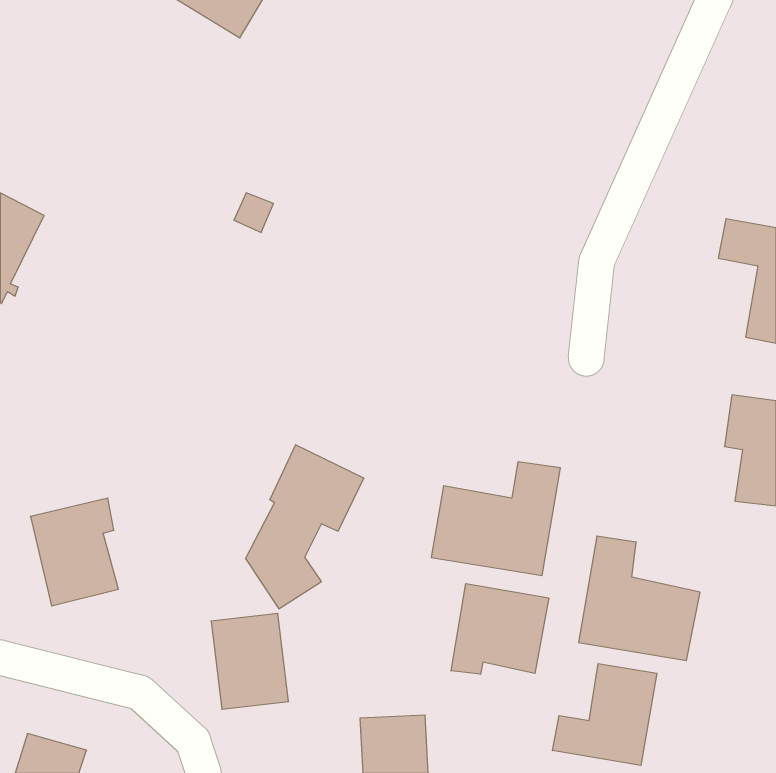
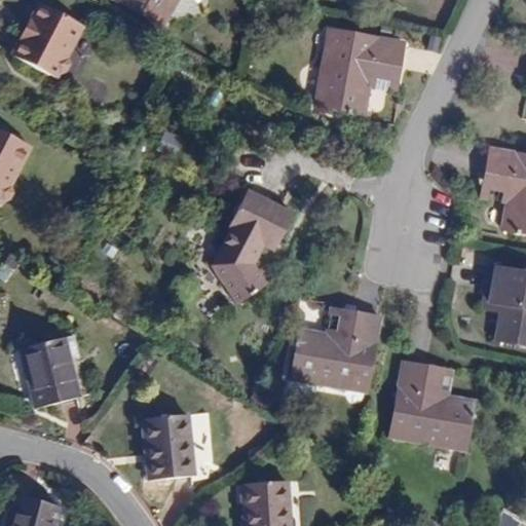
building: none -> [14,4,82,76]
building: none -> [318,29,403,111]
building: [245,445,364,609] -> [213,190,293,301]
building: [451,584,549,674] -> none
building: [552,664,657,765] -> none

